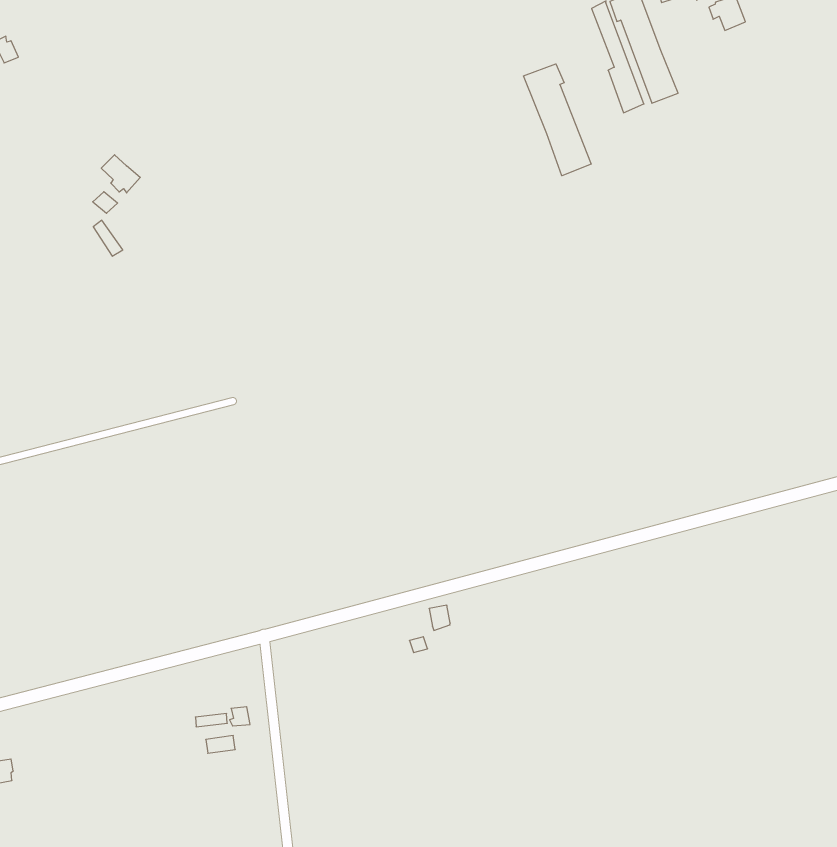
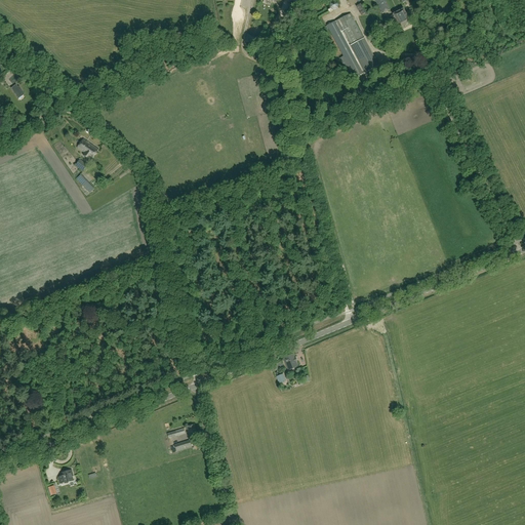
building: [523,64,591,176] -> none

